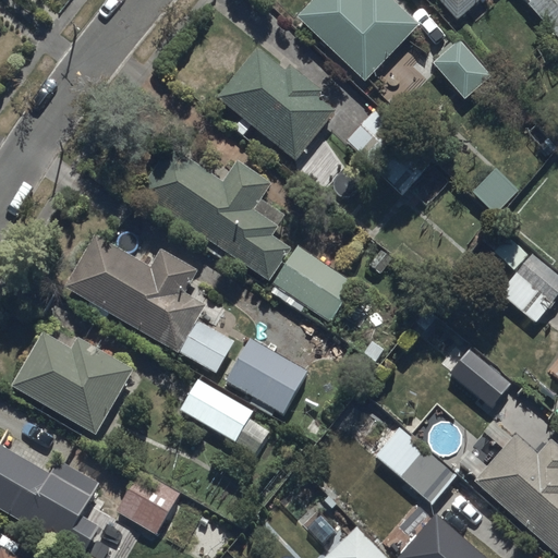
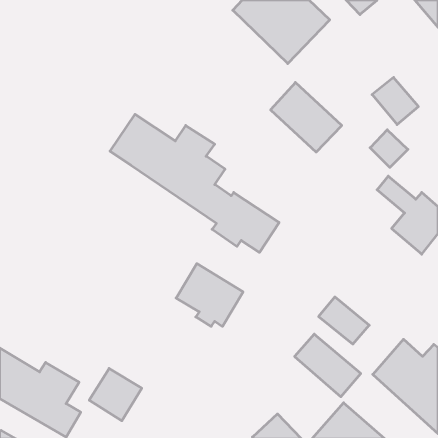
building: [433,39,492,99] -> [372,77,418,125]
building: [215,46,337,160] -> none
building: [65,234,236,376] -> none
building: [9,331,132,434] -> none
building: [447,349,511,409] -> [319,297,369,344]
building: [179,377,269,458] -> none

